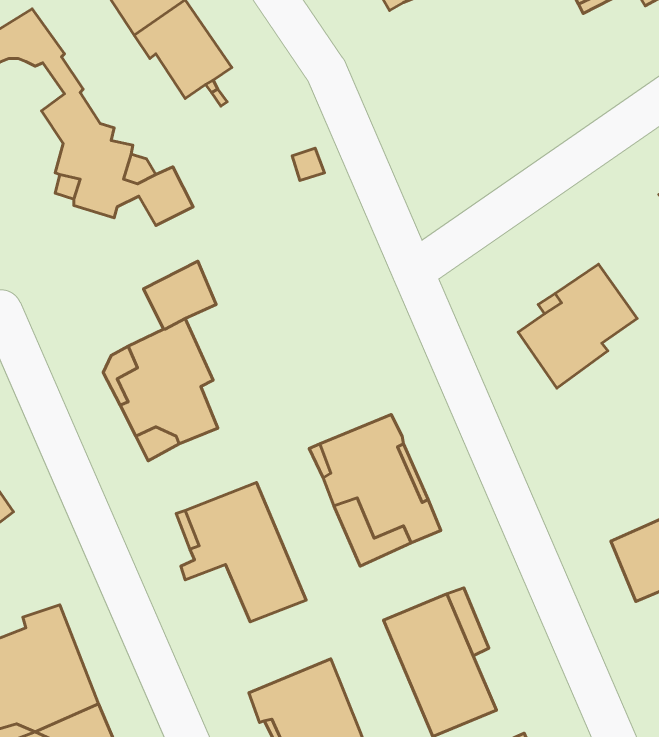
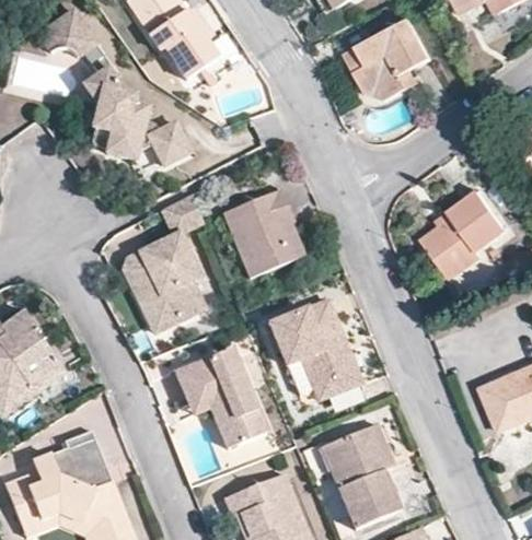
building: none -> [345,20,431,99]
building: none -> [224,187,305,275]

